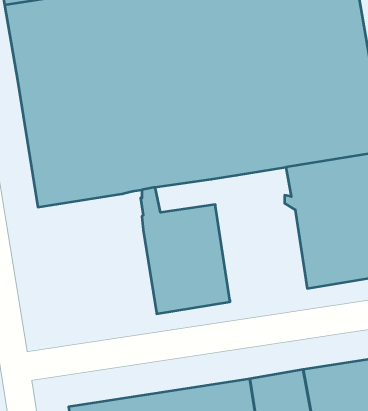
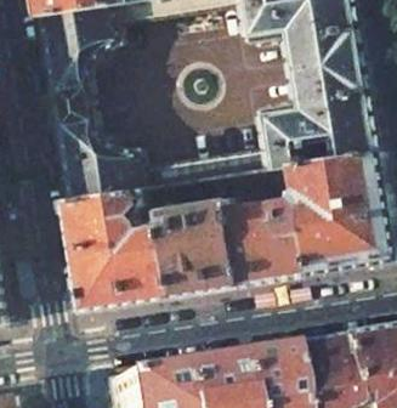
building: none -> [222,168,310,282]
building: none -> [62,185,172,307]

